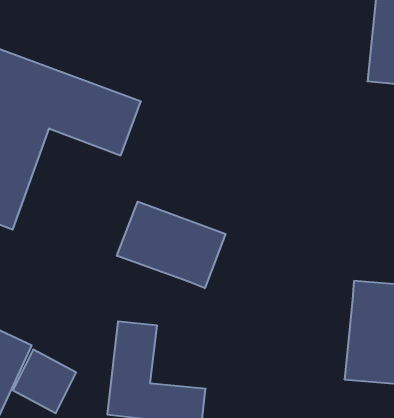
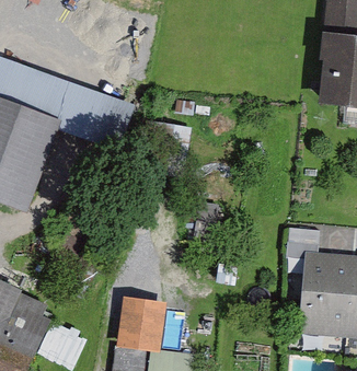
building: [117,202,226,288] -> none

